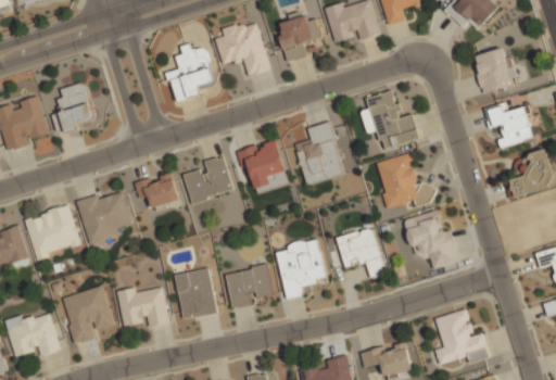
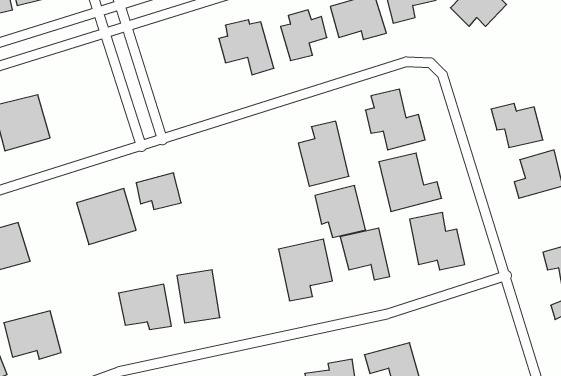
building: [168,42,218,100] -> none
building: [471,47,518,93] -> none
building: [52,83,94,132] -> none
building: [238,140,288,191] -> [315,186,366,237]
building: [185,156,233,203] -> none
building: [24,205,83,261] -> none
building: [226,265,273,308] -> none
building: [62,286,113,345] -> none
building: [434,309,489,366] -> none

